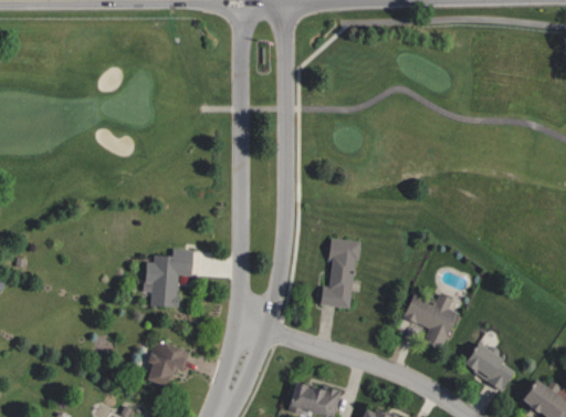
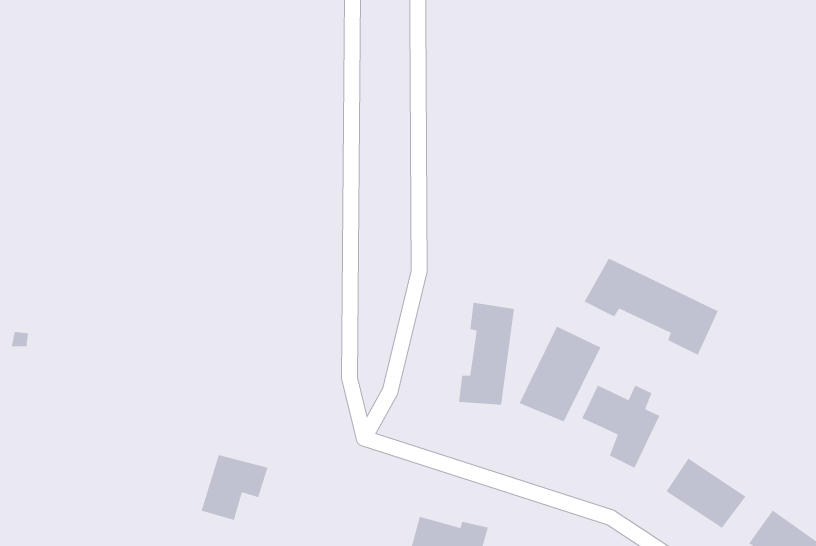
building: none -> [583,258,719,356]
building: [144,247,192,306] -> none
building: none -> [519,325,601,423]

